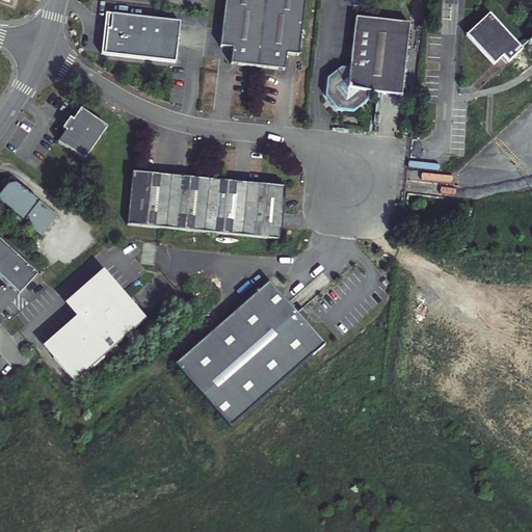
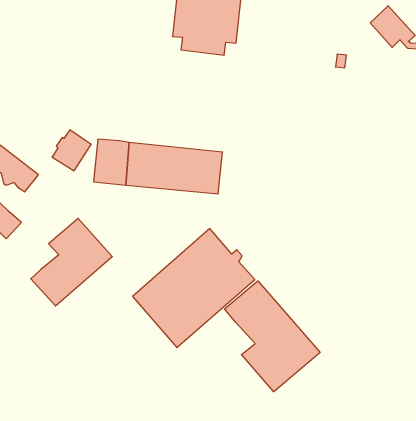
building: [107,12,182,59] -> none
building: [329,16,410,109] -> none
building: [58,105,106,155] -> [52,130,91,171]
building: none -> [225,281,320,392]

